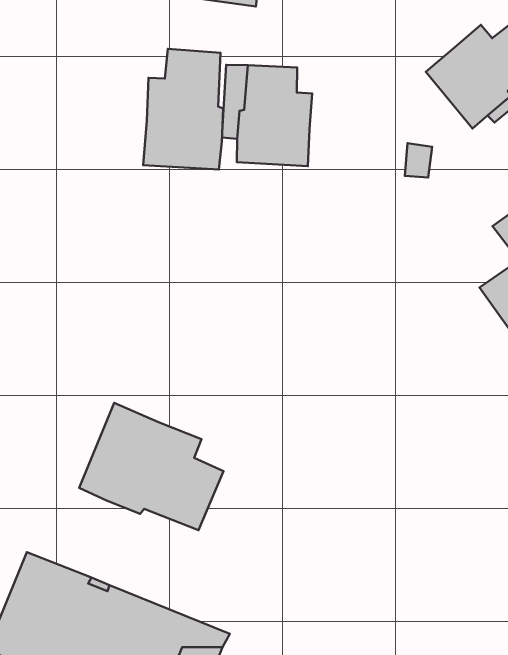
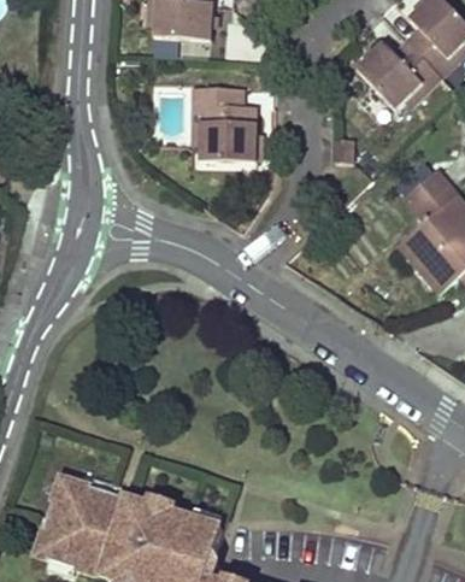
building: [143,49,223,170] -> none
building: [79,403,224,530] -> none

